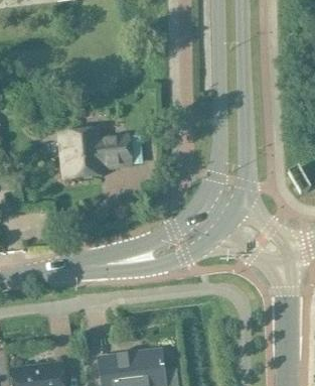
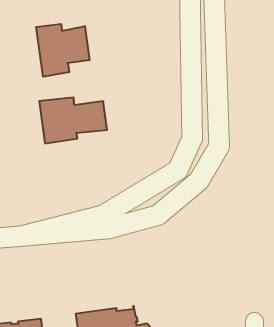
building: none -> [36,24,90,77]

